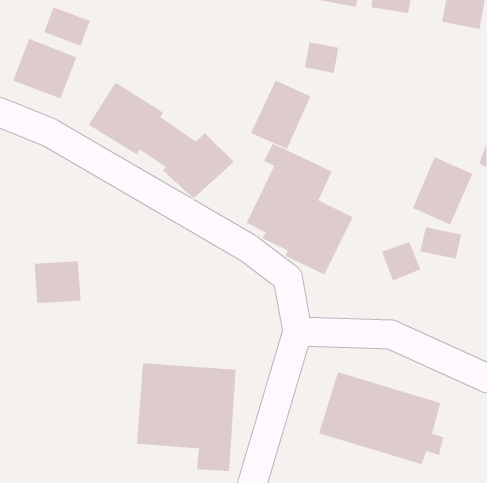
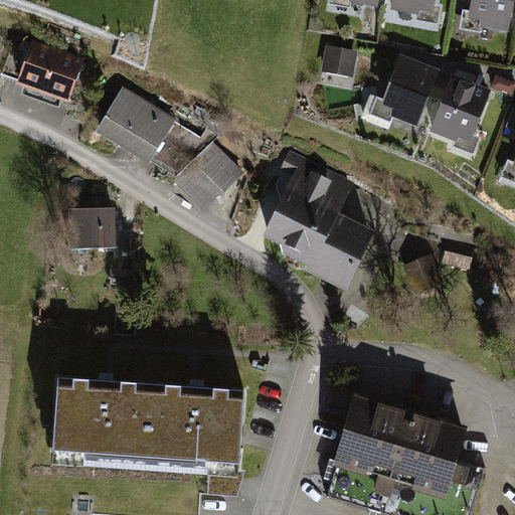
building: [43,7,91,47] -> none
building: [250,80,311,149] -> [371,53,436,127]
building: [412,157,473,225] -> [425,73,490,146]
building: [34,261,81,304] -> [67,207,118,252]
building: none -> [44,376,150,469]

